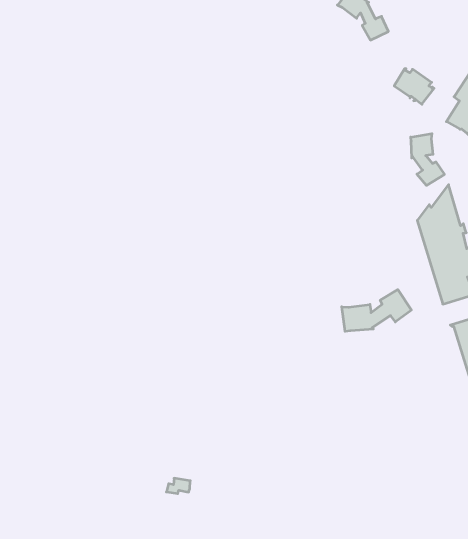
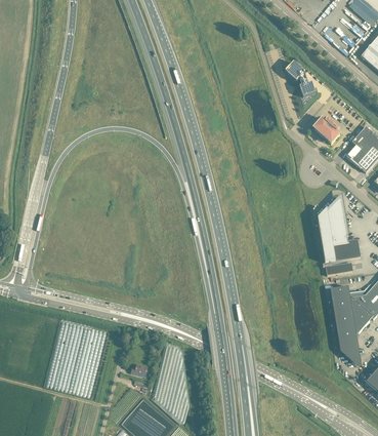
building: [411,134,444,185] -> none
building: [342,290,411,331] -> none

